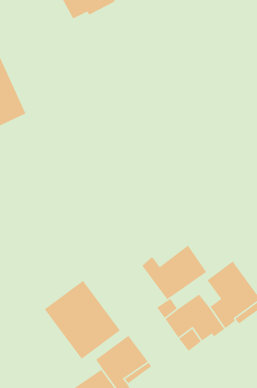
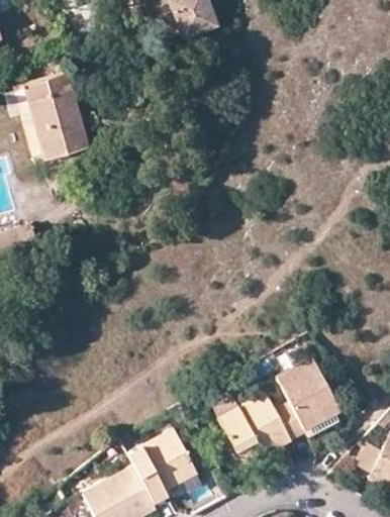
building: [142,245,207,300] -> none
building: [44,280,121,360] -> none

